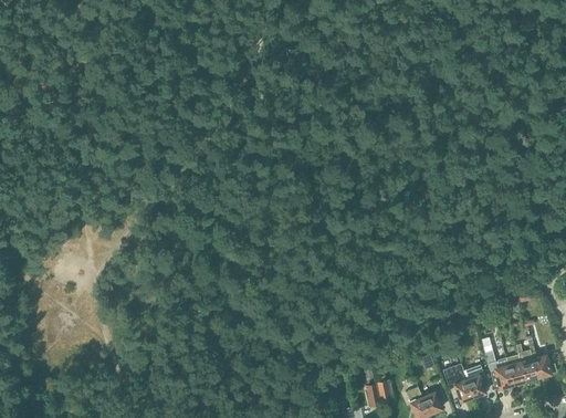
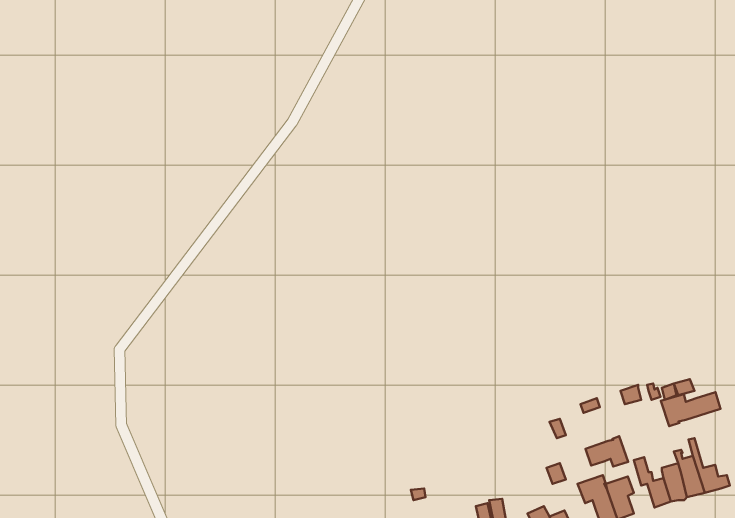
building: none -> [661,392,721,426]
building: none -> [586,436,628,467]

